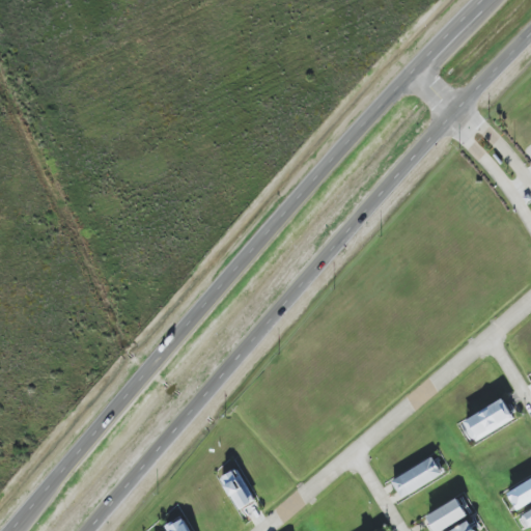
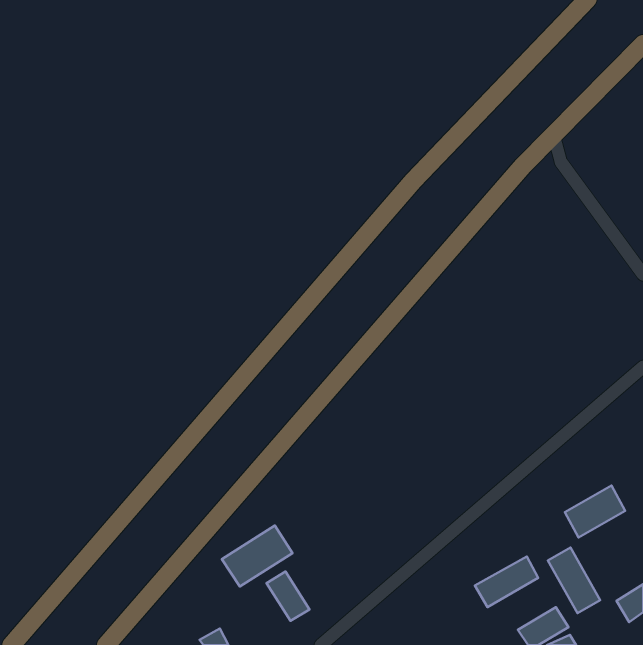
building: none -> [222,526,293,587]
building: none -> [548,547,600,613]

